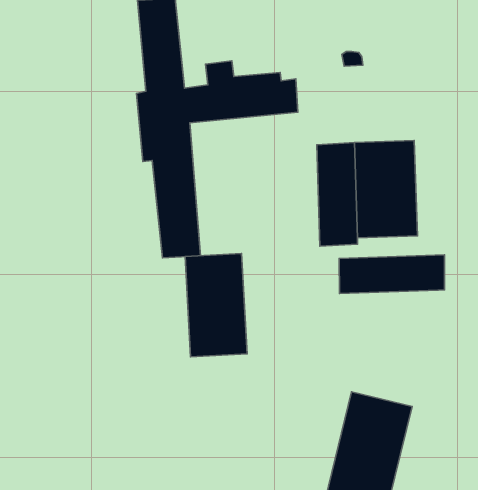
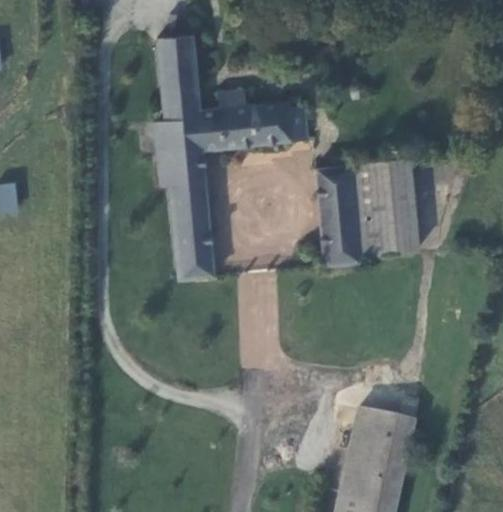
building: [185,254,247,357] -> none
building: [339,255,445,293] -> none

